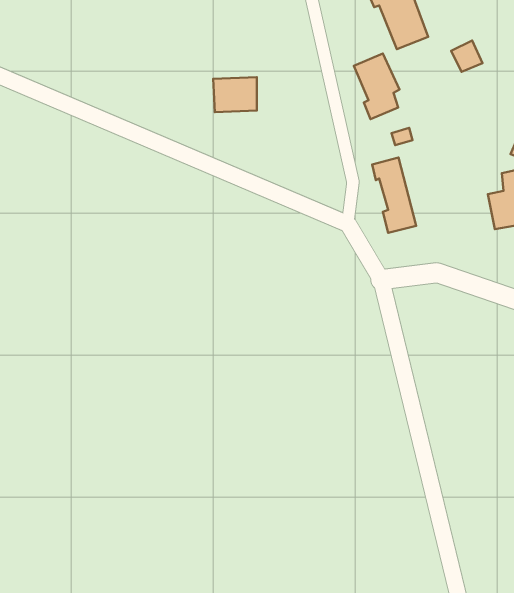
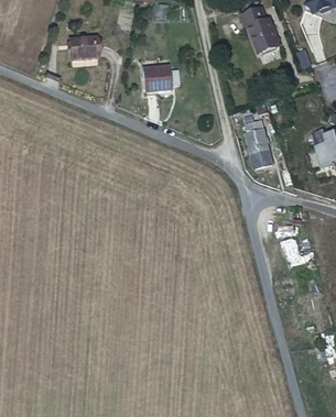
building: none -> [71,35,100,59]
building: [354,53,399,119] -> none

